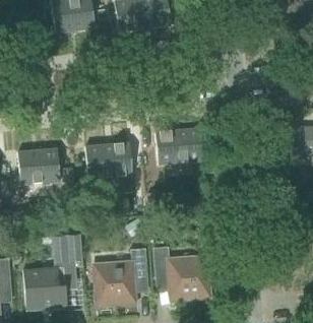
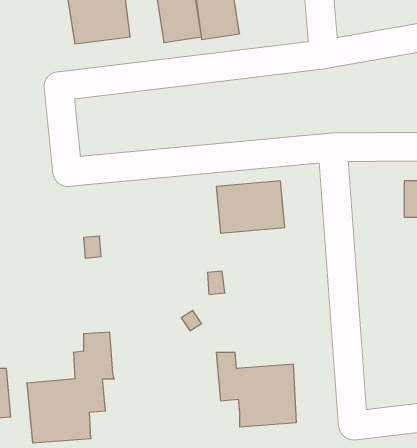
building: [85,142,134,193] -> none
building: [17,148,60,184] -> none
building: [93,249,147,305] -> none

